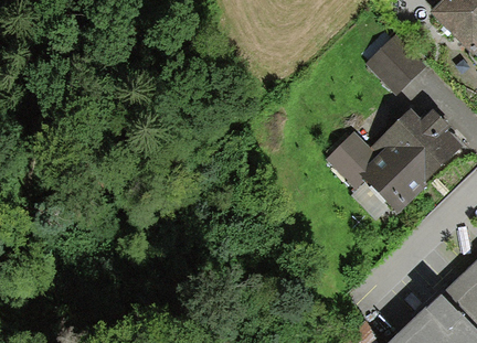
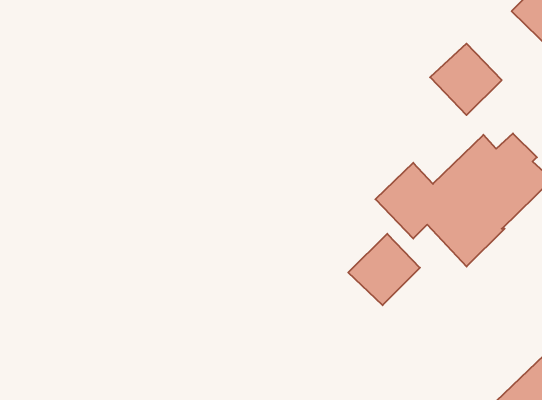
building: none -> [348,234,420,305]

